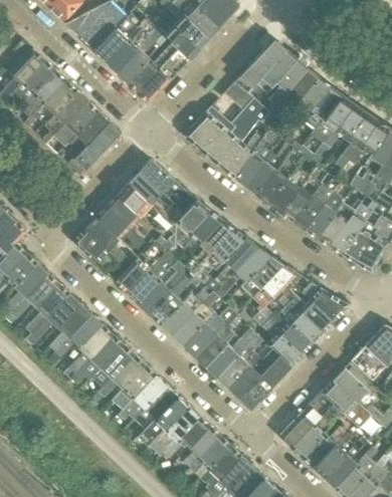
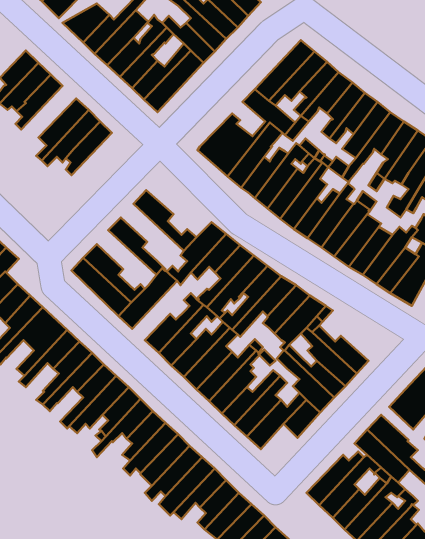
building: [24,79,77,128] -> none
building: [67,120,121,176] -> none
building: [139,159,196,212] -> none
building: [117,183,172,235] -> none
building: [95,206,144,249] -> none
building: [127,250,178,302] -> none
building: [302,282,349,320] -> none
building: [239,376,271,409] -> none

